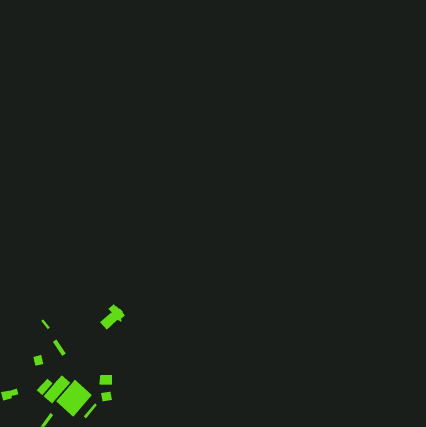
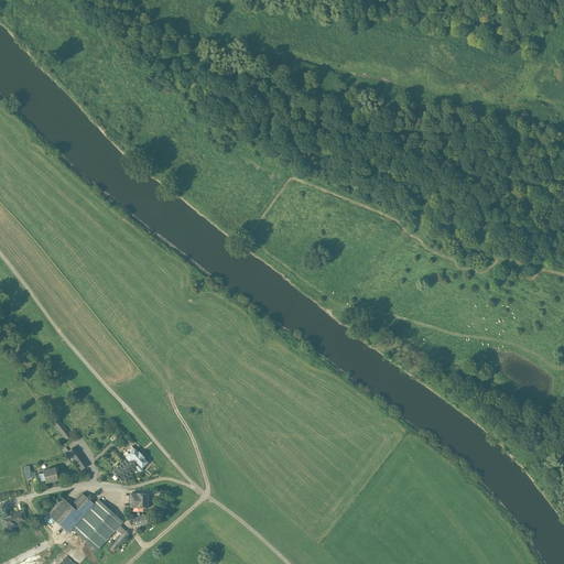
building: [99,303,126,331] -> [113,446,149,482]

